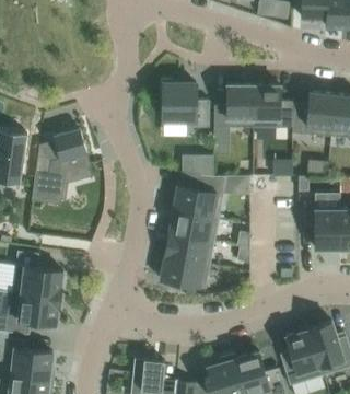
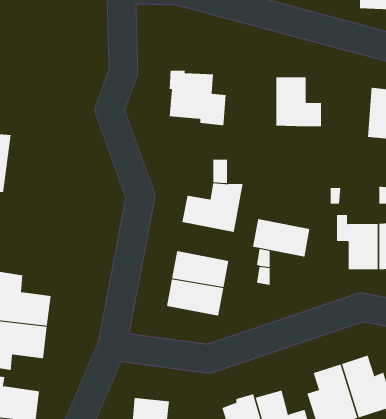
building: [213,85,253,127] -> none
building: [292,92,334,137] -> none
building: [31,129,90,205] -> none
building: [168,209,218,242] -> [252,218,310,257]

